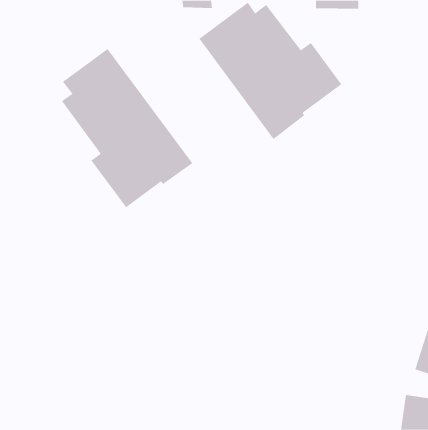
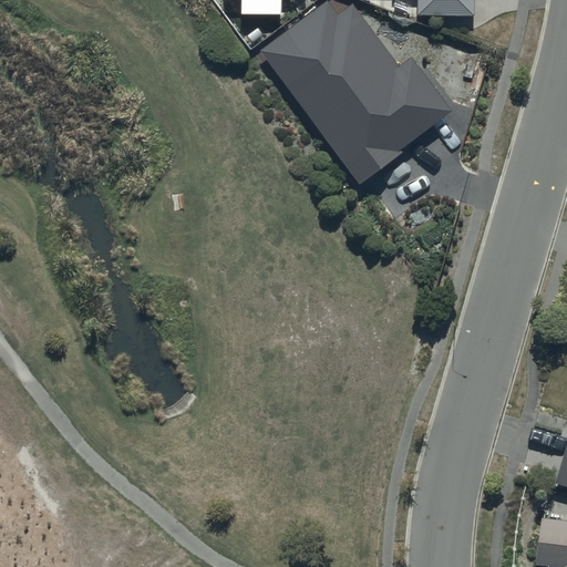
building: [61,48,193,208] -> none

